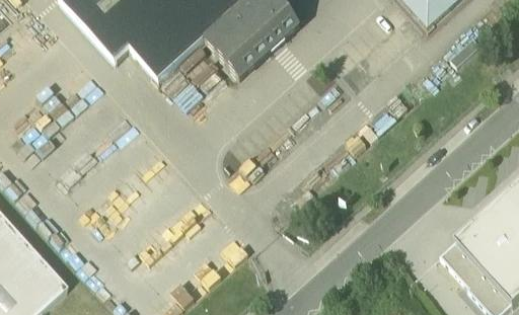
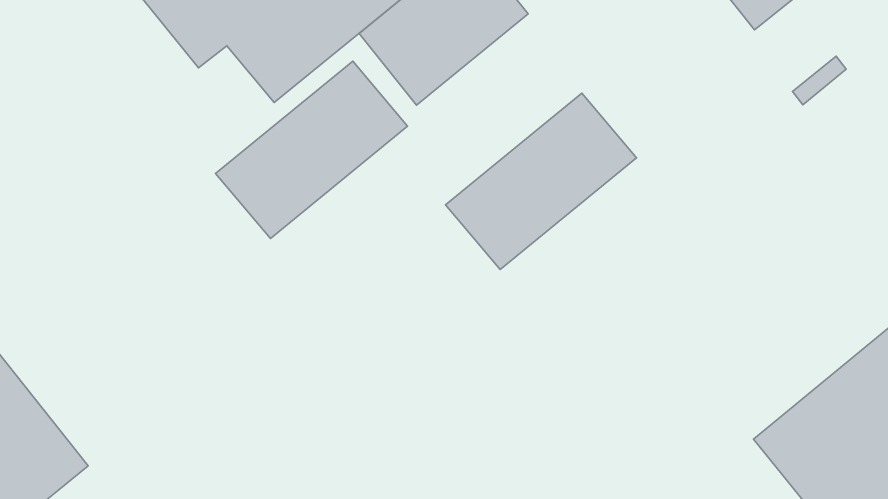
building: none -> [216,61,408,238]
building: none -> [445,93,637,270]

